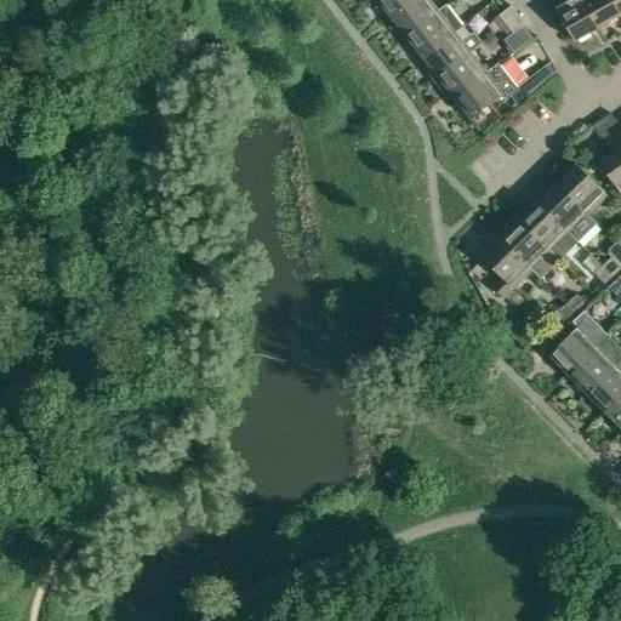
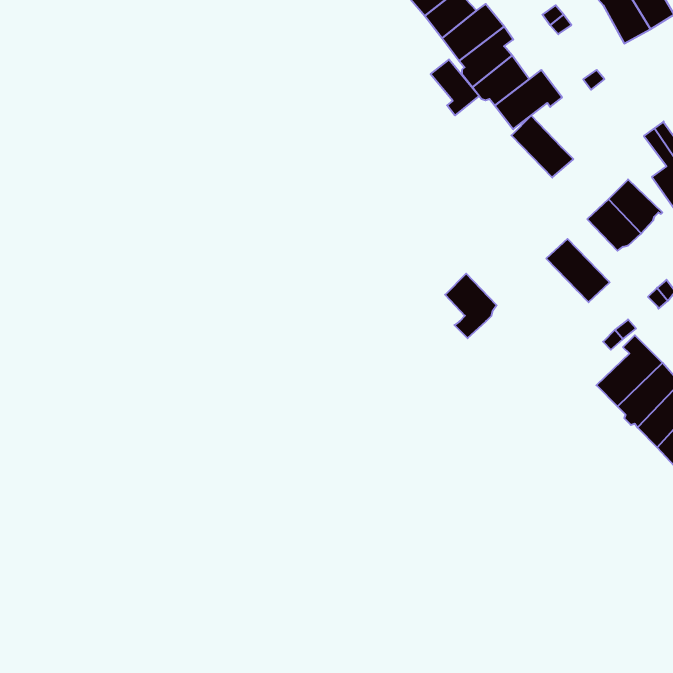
building: none -> [431,59,479,115]
building: [523,201,580,258] -> [511,116,573,178]
building: [484,238,531,297] -> [445,274,497,338]

